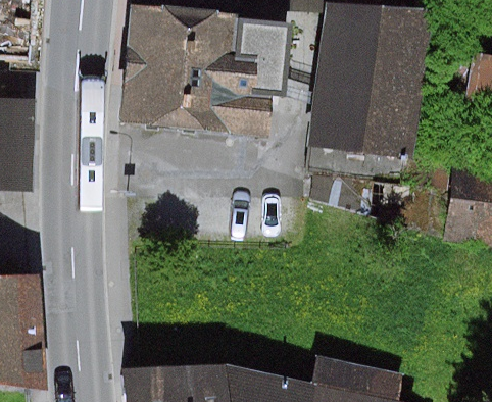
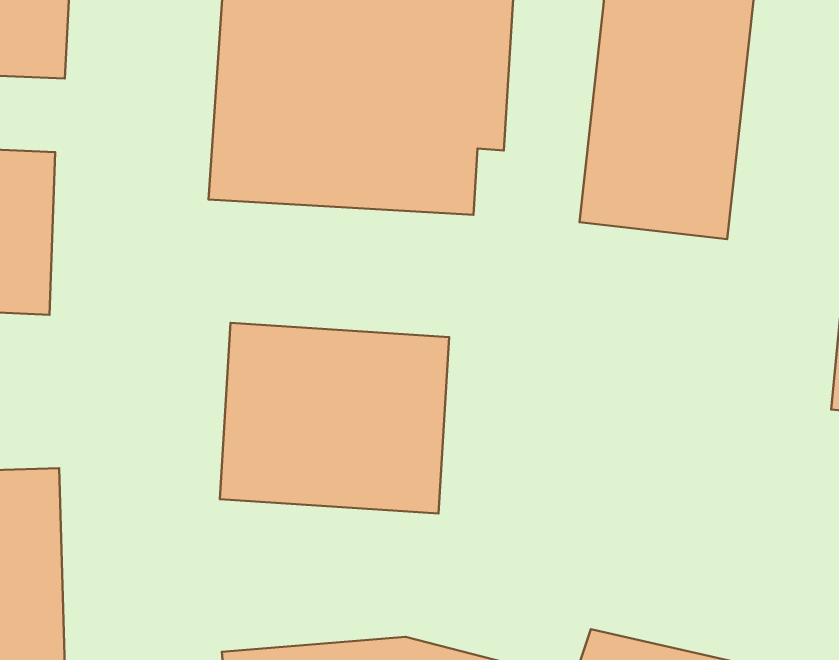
building: none -> [220,323,449,514]

